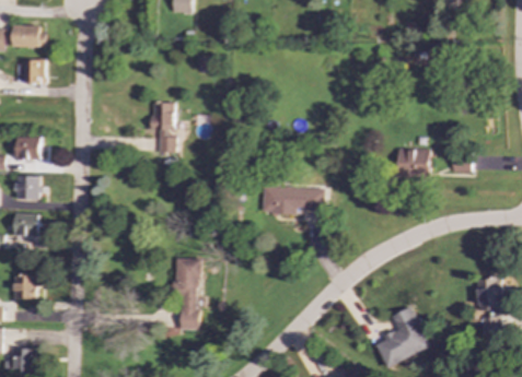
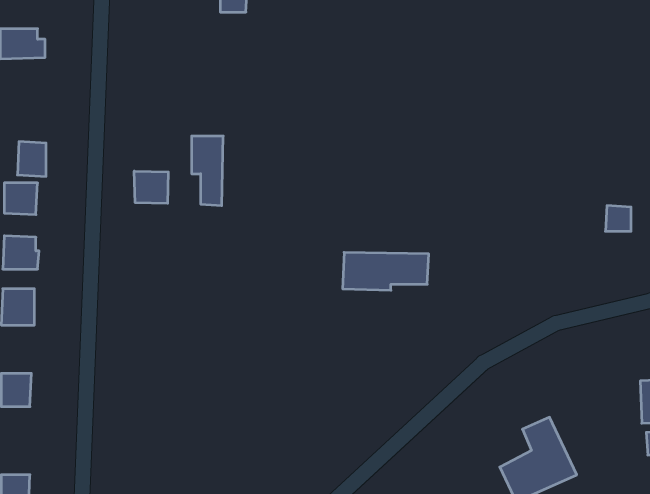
building: [24,59,45,84] -> [17,142,46,176]
building: none -> [134,171,168,203]
building: [397,148,430,178] -> none
building: [173,258,199,330] -> none

